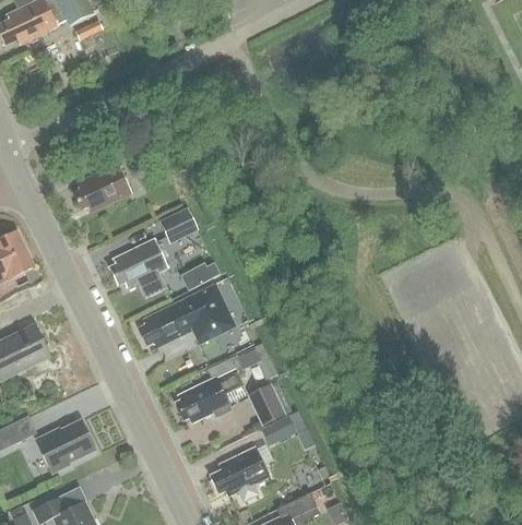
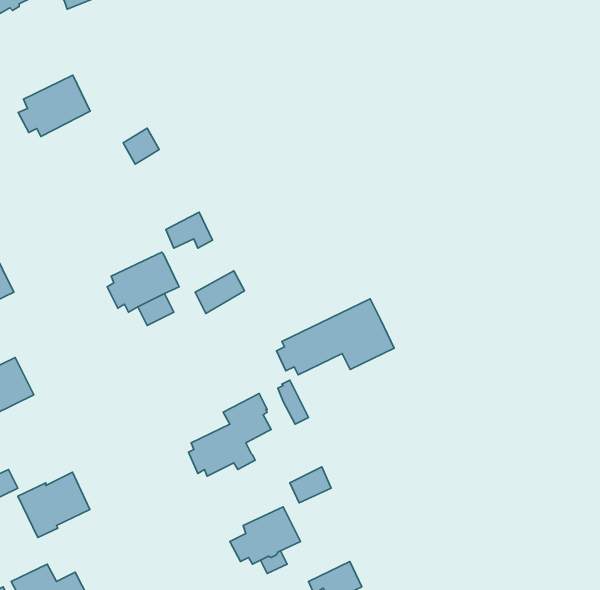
building: [73,162,132,212] -> [18,75,90,136]
building: [140,284,236,346] -> [277,299,394,375]
building: [247,380,292,426] -> none

